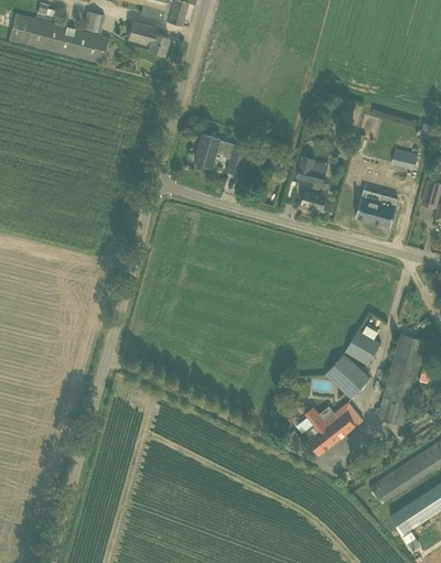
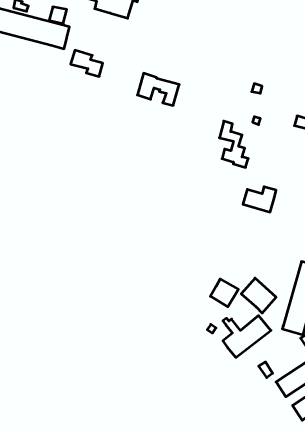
building: [128,21,169,54] -> [71,50,103,76]
building: [195,133,248,174] -> [137,73,179,105]
building: [357,193,399,225] -> [243,187,276,212]
building: [345,329,380,365] -> [210,279,238,307]

